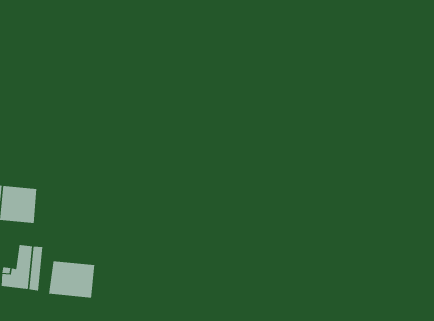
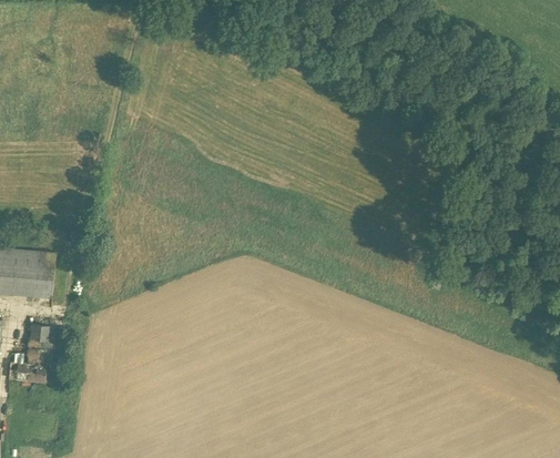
building: [49,260,95,299] -> none

